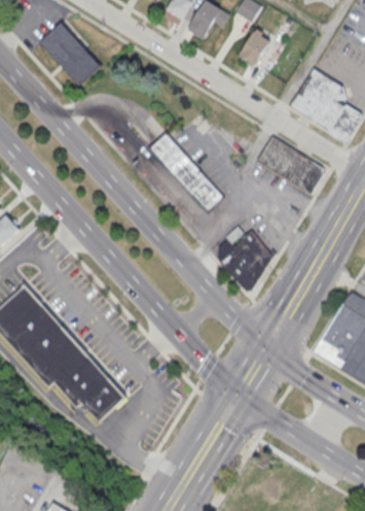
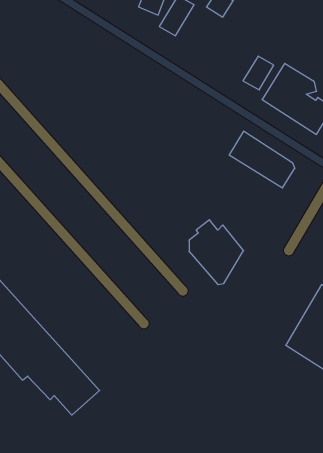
building: [38,22,99,86] -> none
building: [241,33,271,67] -> [243,56,274,90]
building: [151,134,222,209] -> none

